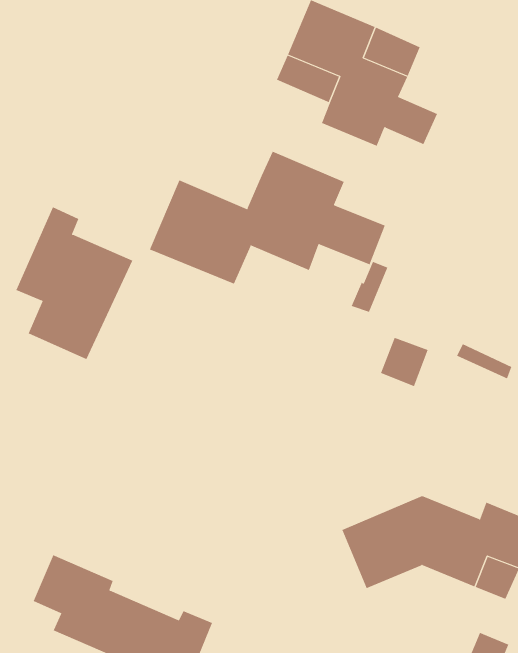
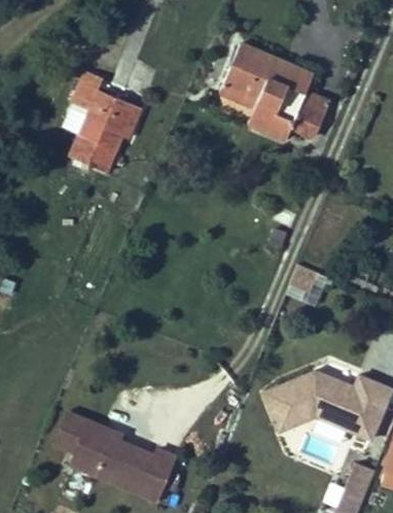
building: [149,151,385,285] -> none
building: [15,206,133,360] -> [61,72,139,174]

